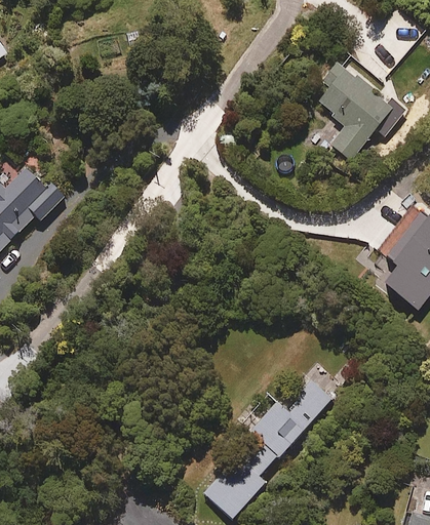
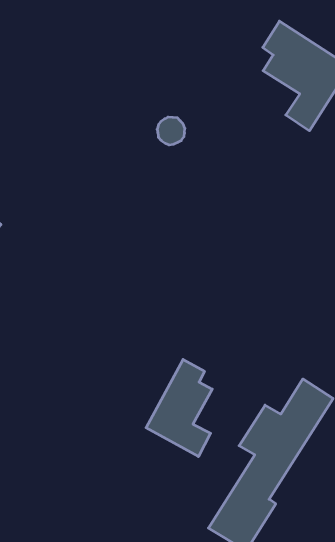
building: none -> [146,359,212,457]

